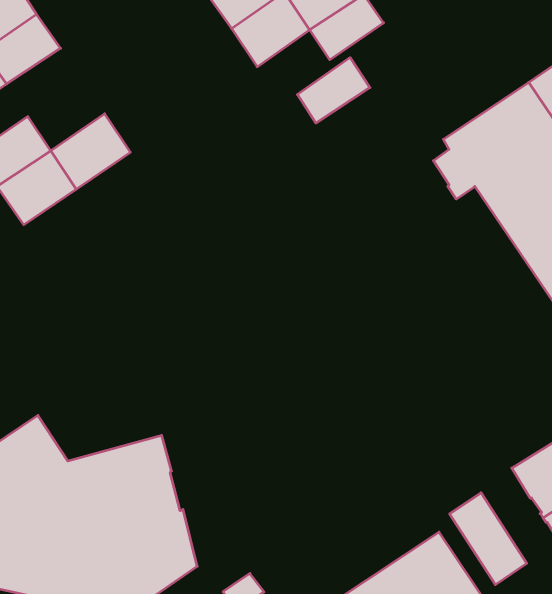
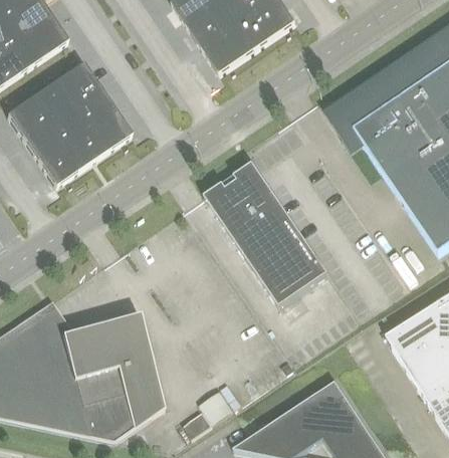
building: [297,58,370,123] -> [206,26,257,72]
building: none -> [44,61,98,111]
building: none -> [41,112,131,184]
building: none -> [204,162,327,305]
building: [450,493,527,585] -> none

